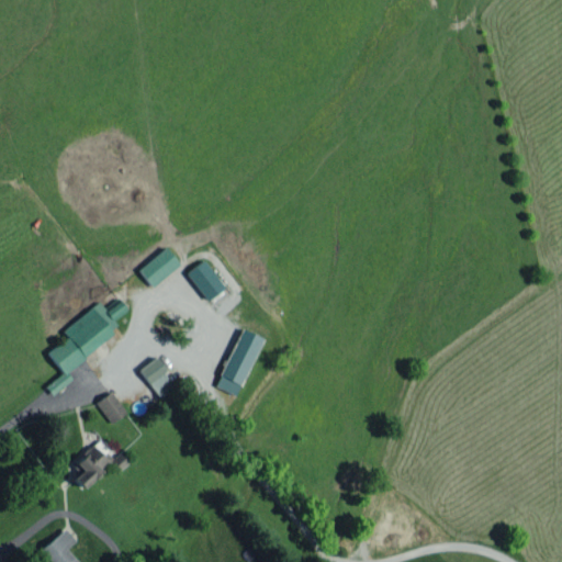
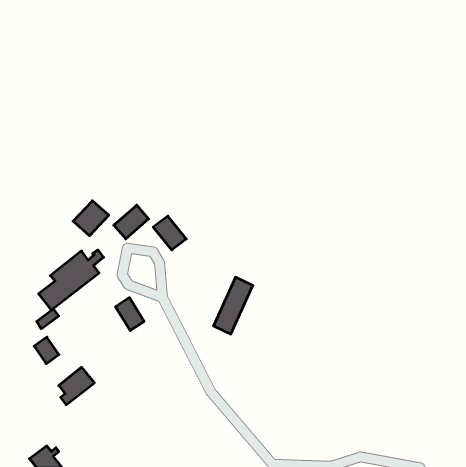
building: none -> [73,201,109,236]
building: [216,328,263,396] -> [213,277,253,334]
building: [98,392,127,424] -> [34,337,59,364]

